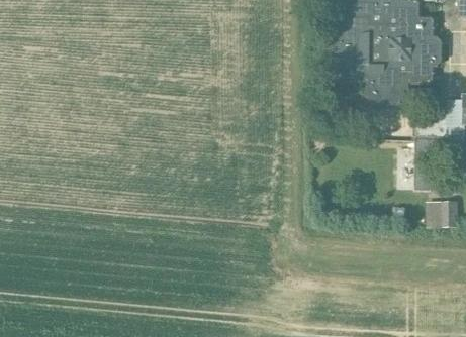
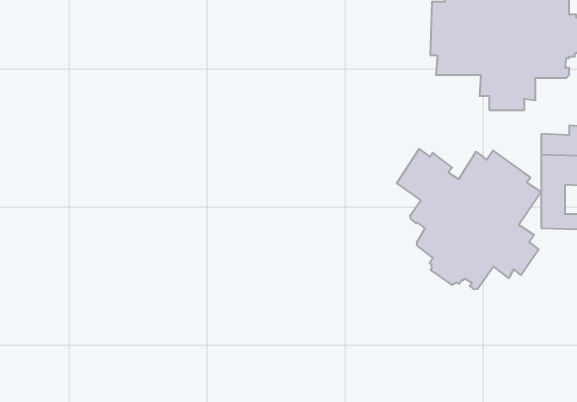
building: none -> [397,149,541,289]

